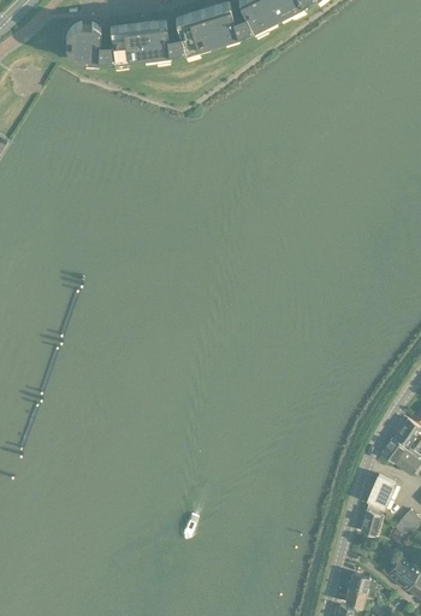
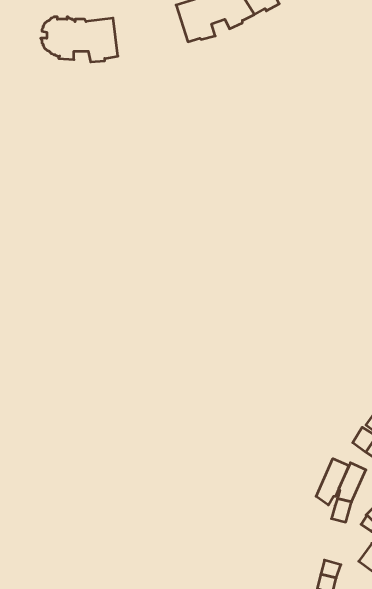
building: [137,8,213,61] -> none
building: none -> [316,459,349,505]

